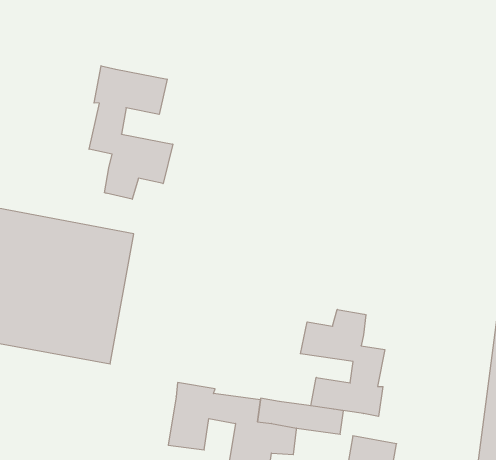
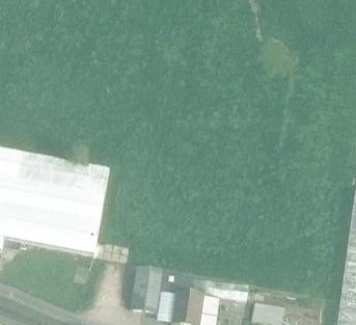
building: [89,66,173,199] -> none
building: [300,309,385,416] -> none

